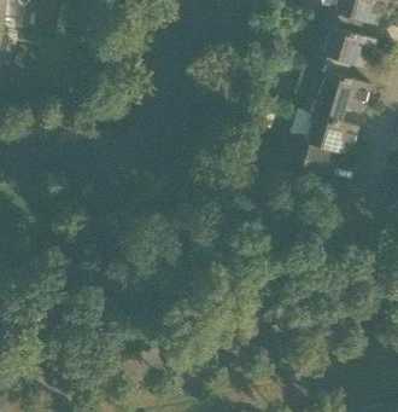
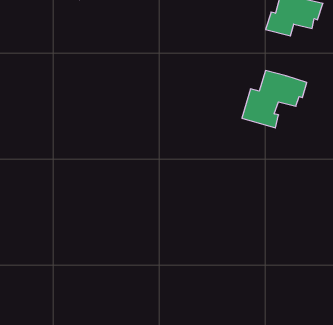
building: [300,59,375,115] -> none

